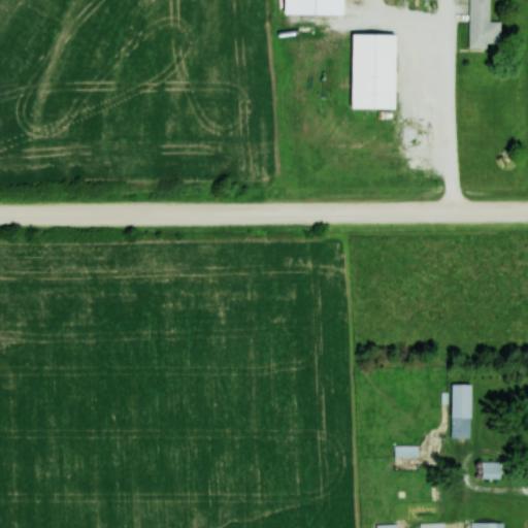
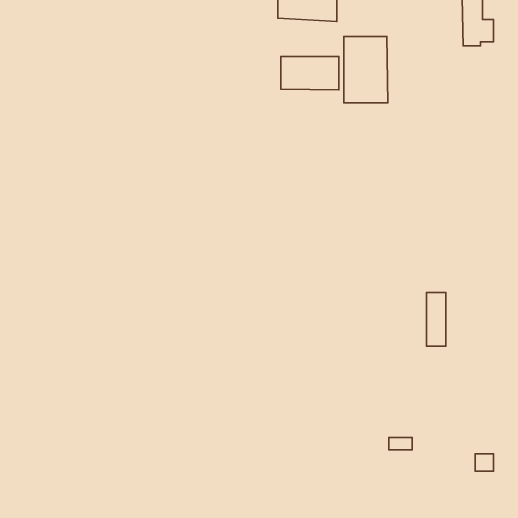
building: none -> [281,57,339,90]
building: [453,382,472,436] -> [427,292,446,346]

